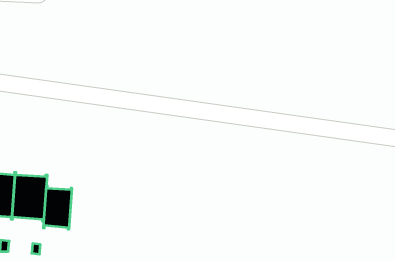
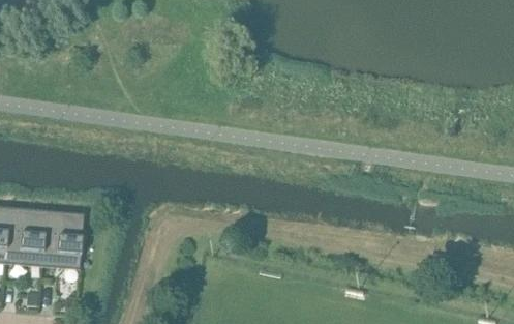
building: [43,186,72,229] -> none

